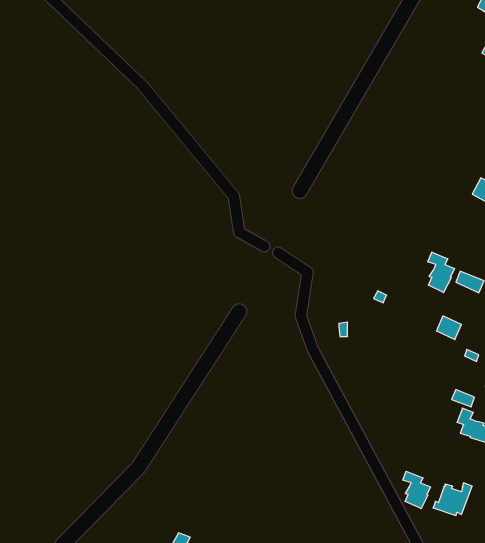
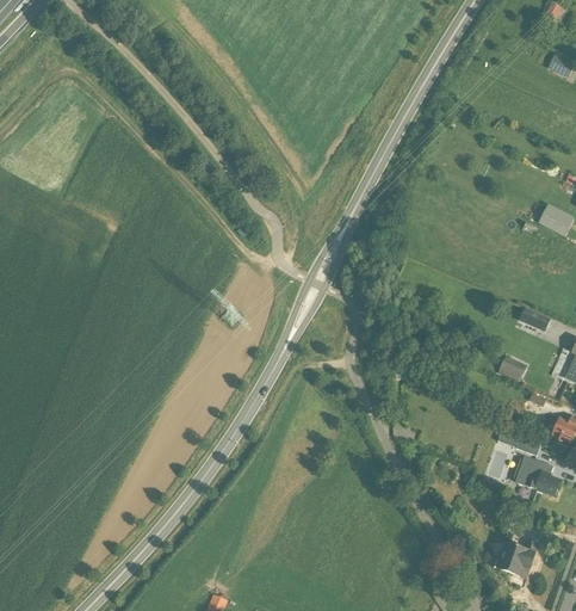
building: [428,252,455,293] -> none
building: [403,471,431,509] -> none

